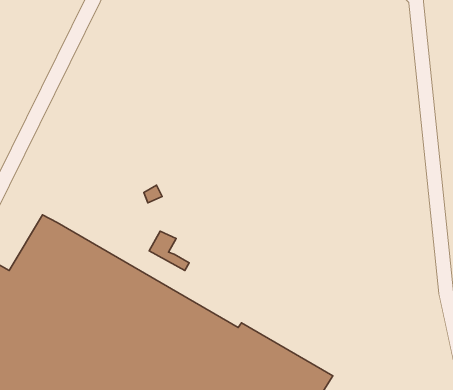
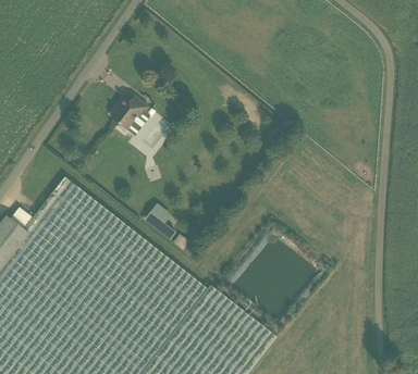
building: none -> [111,97,148,132]

